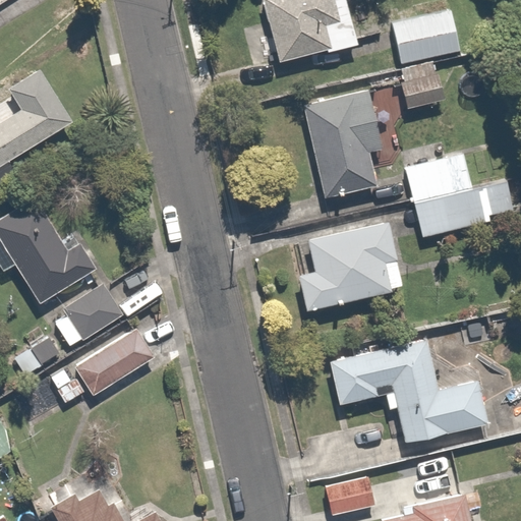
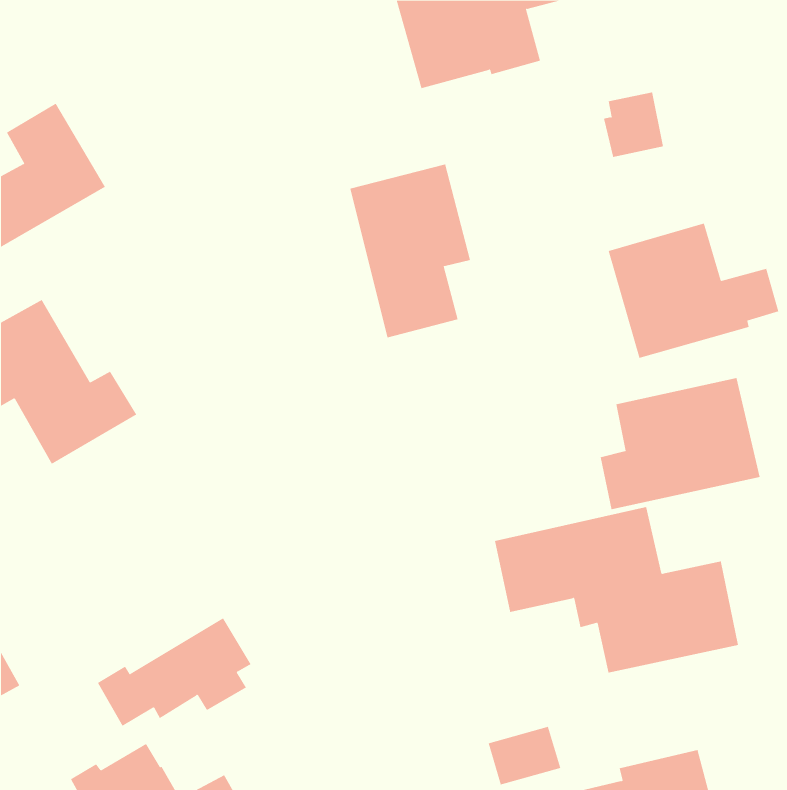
building: [391,10,463,66] -> none
building: [302,85,382,199] -> [349,164,471,338]
building: [298,222,403,308] -> [600,378,760,510]
building: [57,286,123,349] -> none
building: [50,334,151,405] -> [97,617,252,727]

